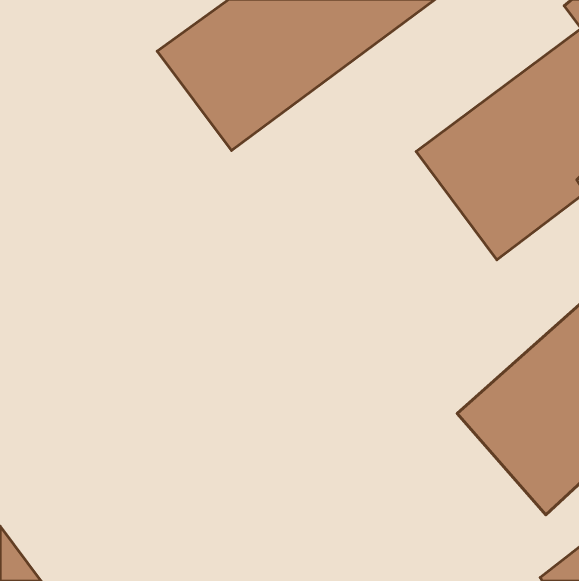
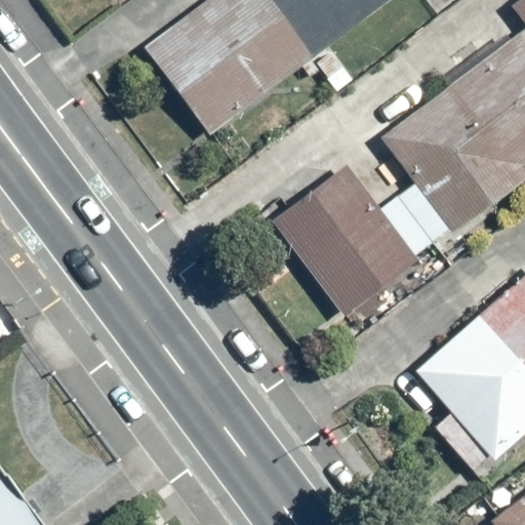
building: none -> [272,164,419,316]

